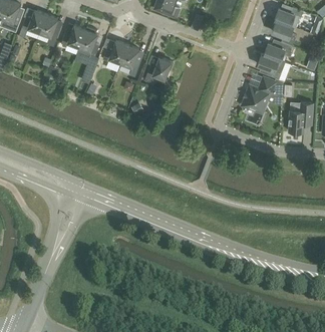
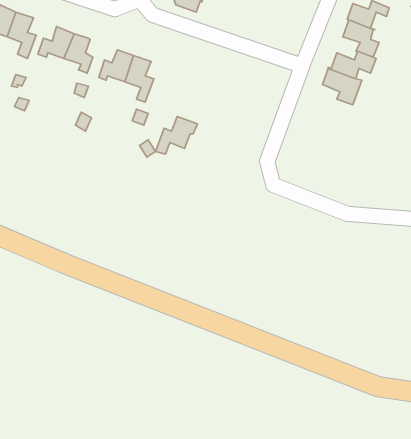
building: [143,56,173,82] -> [155,117,198,154]
building: [242,76,275,112] -> none
building: [287,102,313,132] -> none

